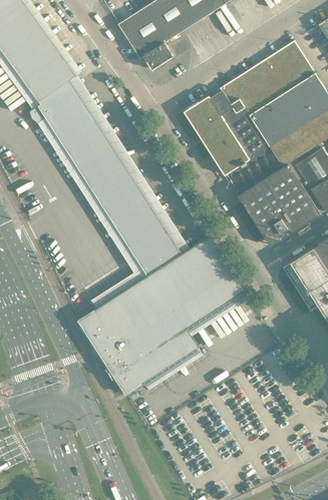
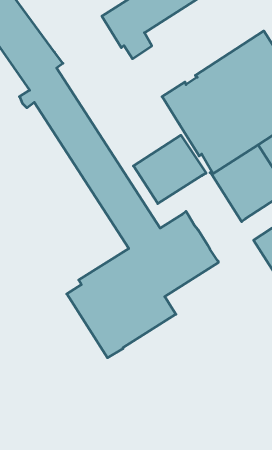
building: none -> [133,135,206,204]

